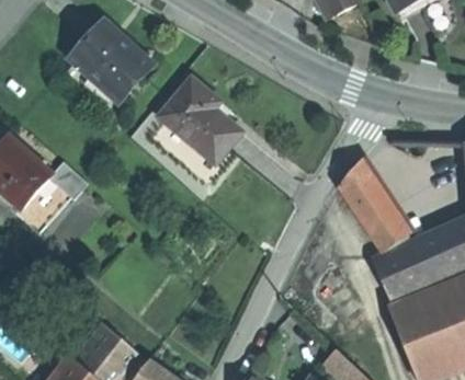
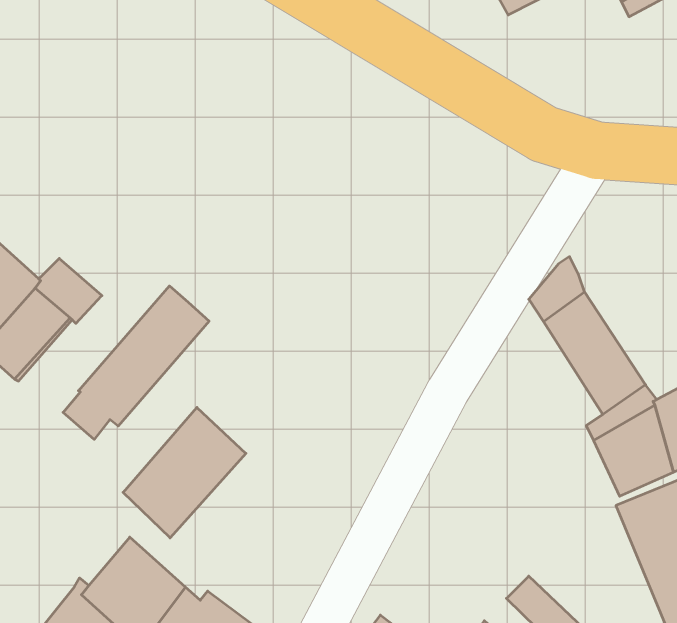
building: [69,21,150,101] -> none
building: [157,77,240,163] -> none
building: none -> [63,286,209,439]
building: none -> [123,407,246,538]

